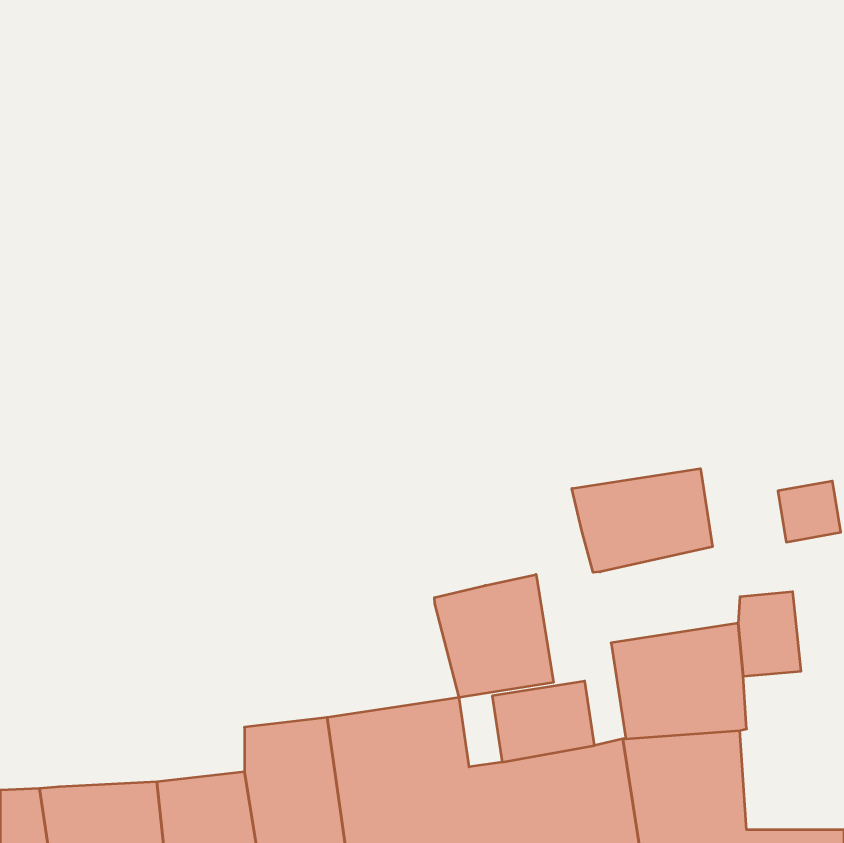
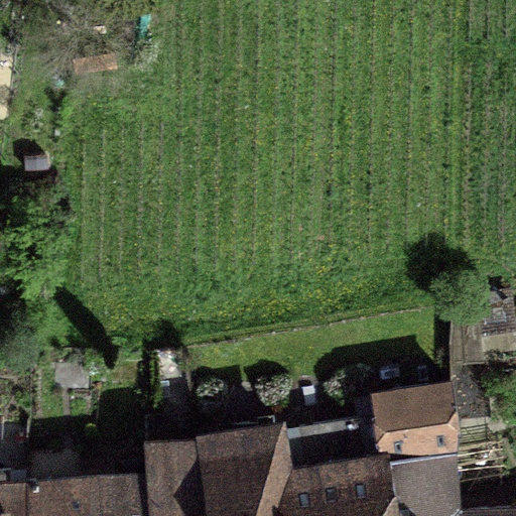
building: [572,469,712,572] -> none
building: [434,574,553,698] -> none

